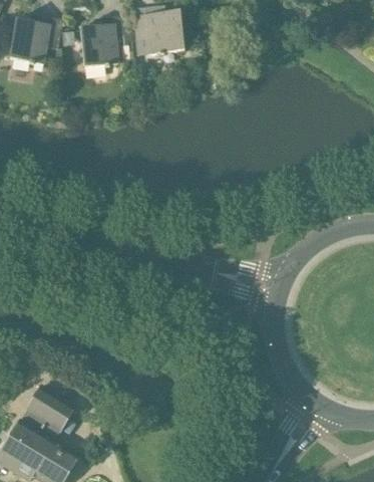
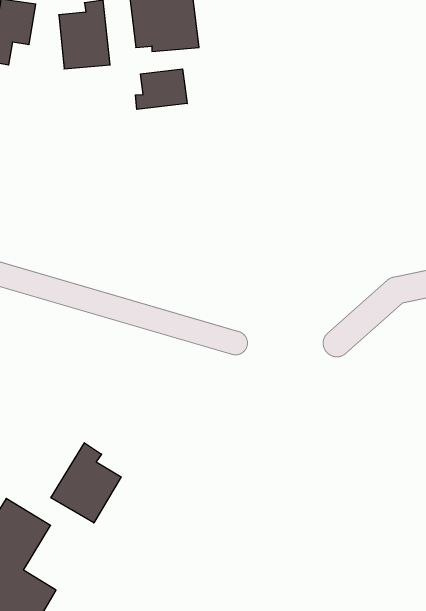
building: none -> [136,69,187,109]
building: none -> [51,443,121,523]

